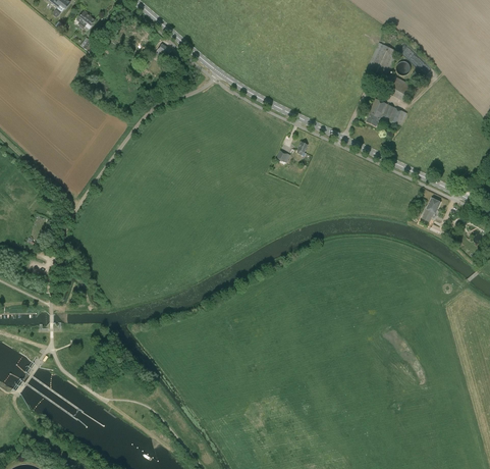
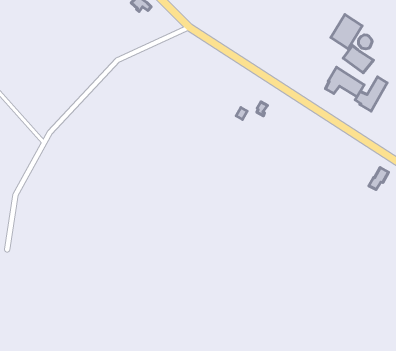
building: none -> [355,77,387,111]

